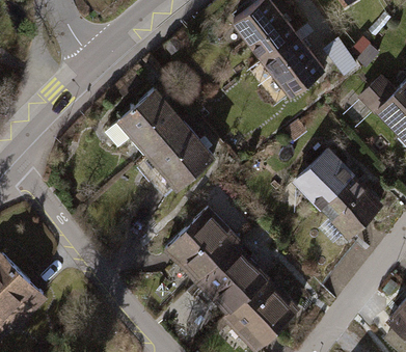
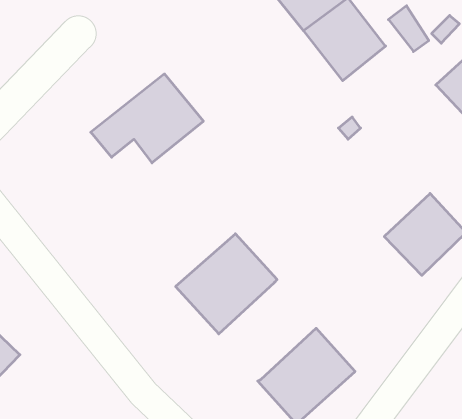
building: [147,125,215,200] -> none
building: [294,151,355,211] -> none
building: [197,245,270,318] -> none

